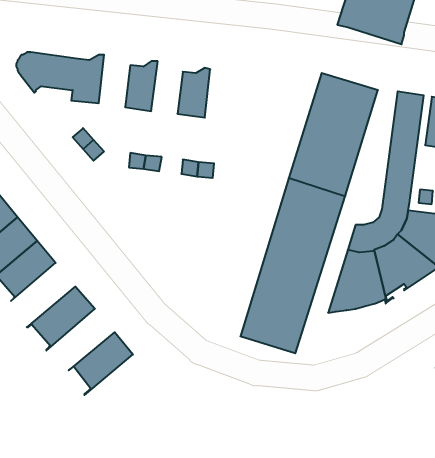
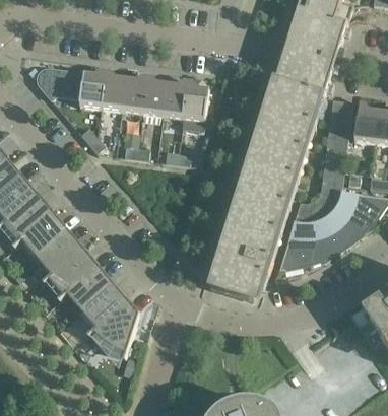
building: none -> [272,45,334,98]
building: none -> [100,68,124,109]
building: none -> [140,73,165,114]
building: none -> [180,79,207,130]
building: none -> [31,229,81,279]
building: none -> [59,265,112,313]
building: none -> [88,300,138,355]

